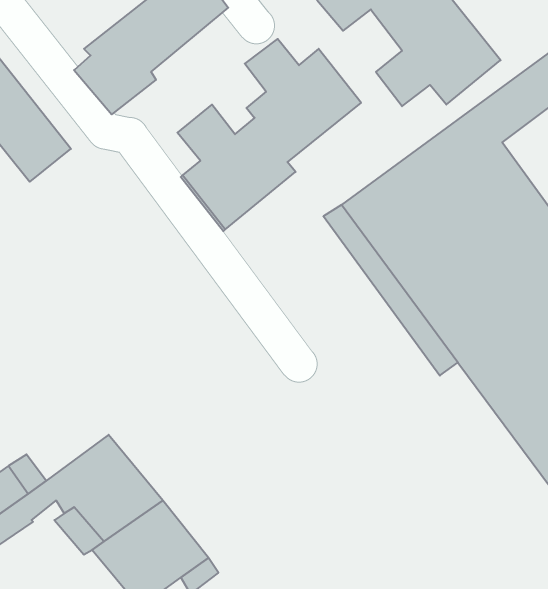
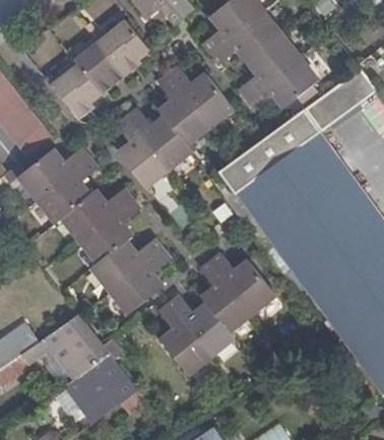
building: none -> [19,146,170,312]
building: none -> [158,252,272,372]

